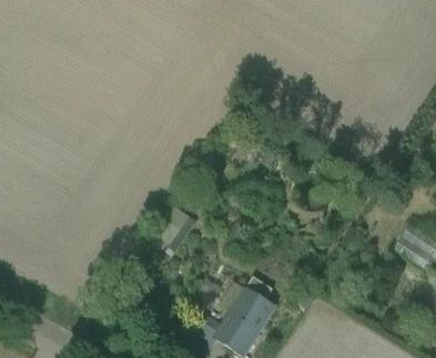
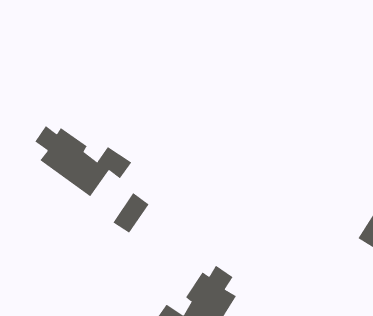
building: none -> [34,125,132,197]

